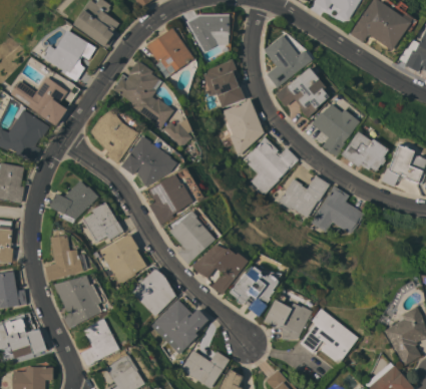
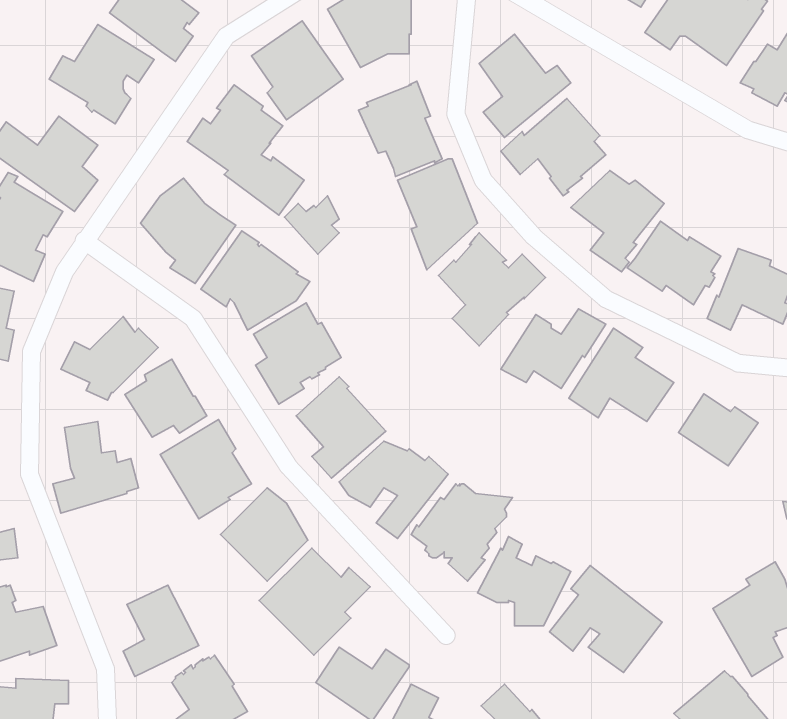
building: none -> [679,394,758,466]
building: [53,275,101,328] -> none

